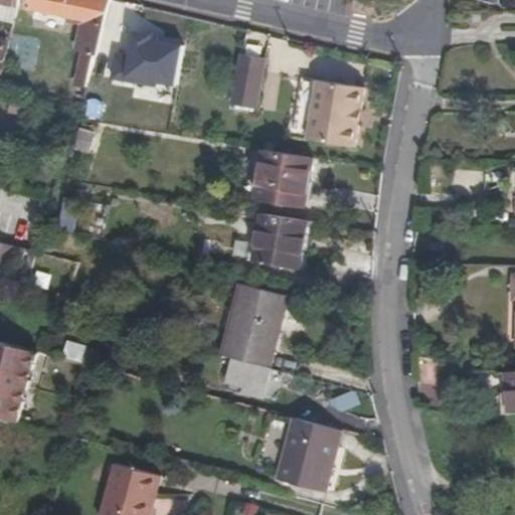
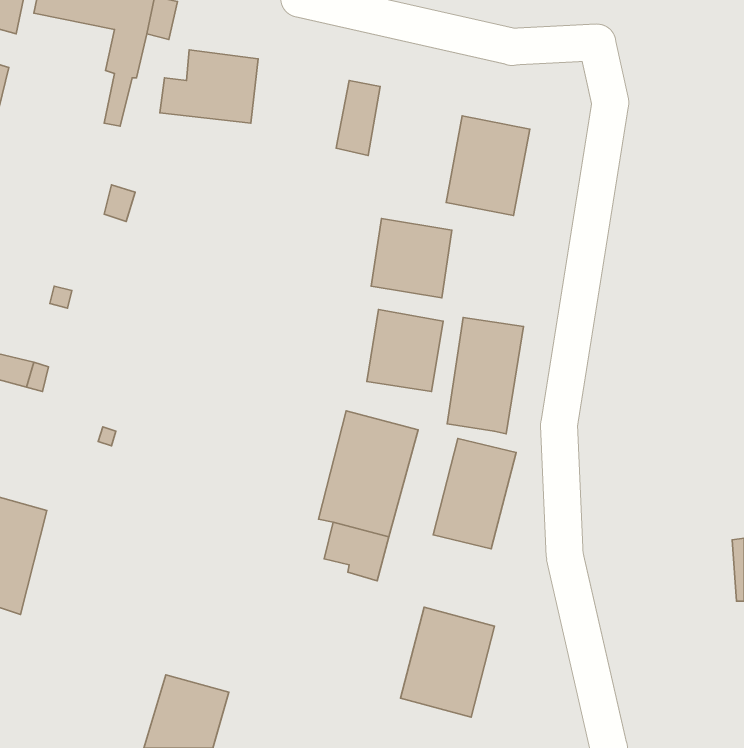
building: none -> [447,317,524,434]
building: none -> [433,438,516,549]

